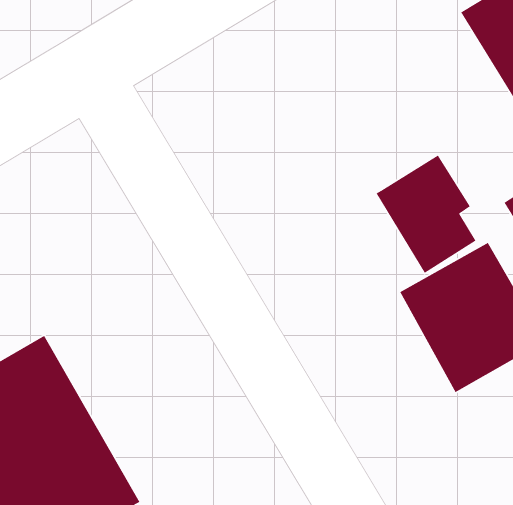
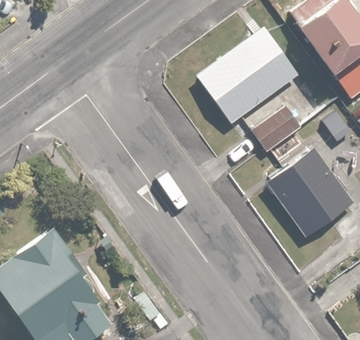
building: none -> [195,25,302,128]

